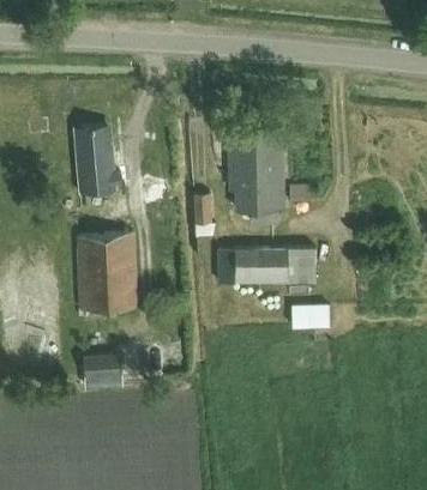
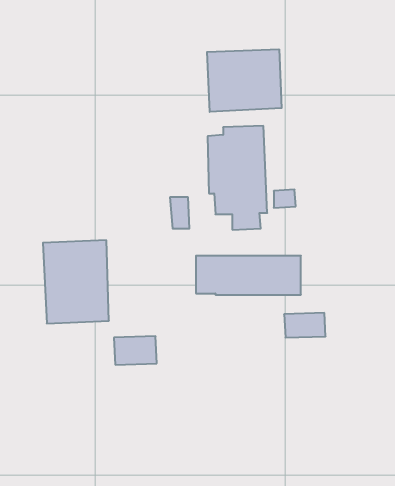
building: none -> [207,49,282,112]
building: [73,127,115,194] -> none
building: [83,352,122,379] -> [114,336,157,365]

